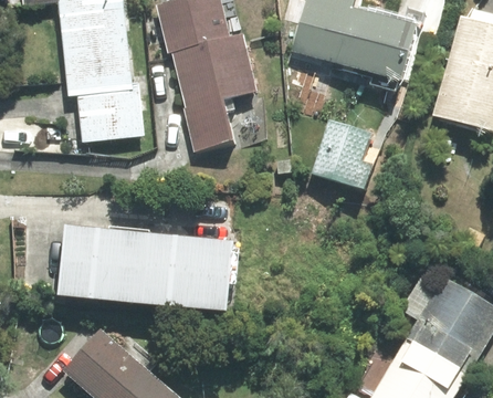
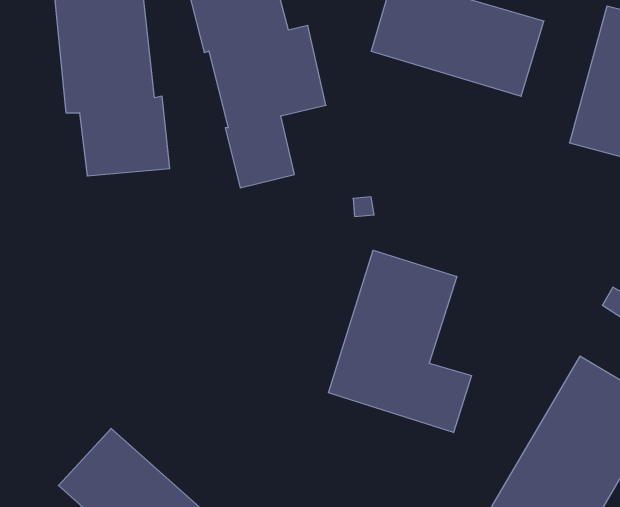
building: [310,118,369,186] -> none
building: none -> [328,250,471,433]
building: [57,227,233,313] -> none

